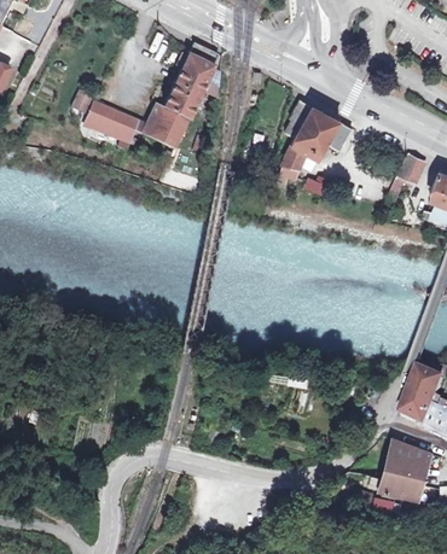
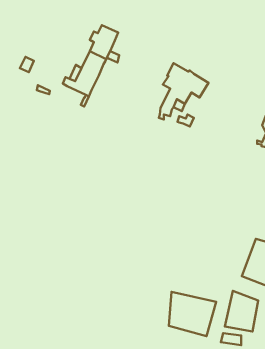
building: [85,101,139,144] -> none
building: [383,153,424,208] -> none
building: none -> [169,292,216,336]

